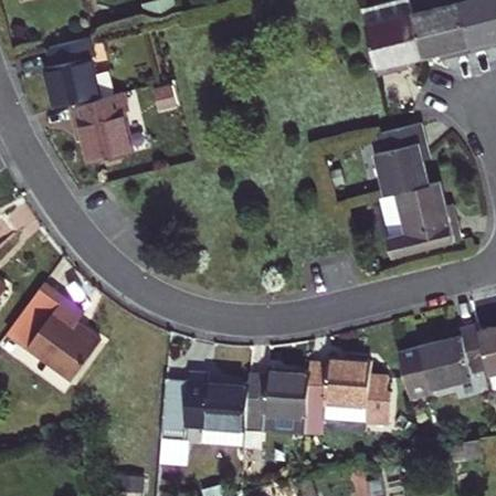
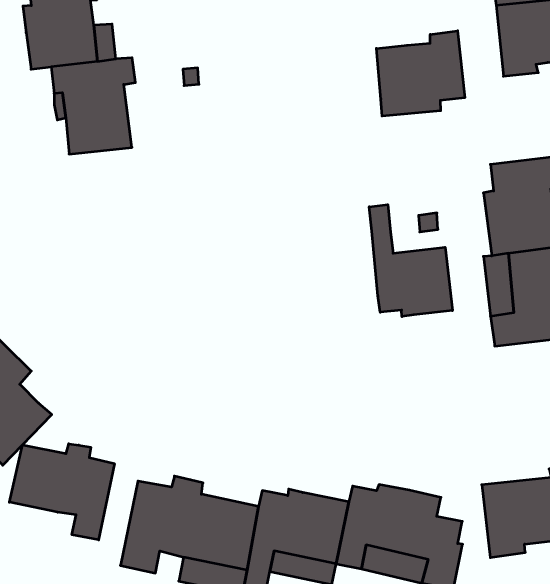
building: none -> [376,31,465,116]
building: none -> [369,205,452,317]
building: none -> [9,444,114,540]

